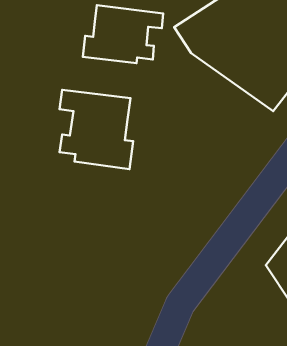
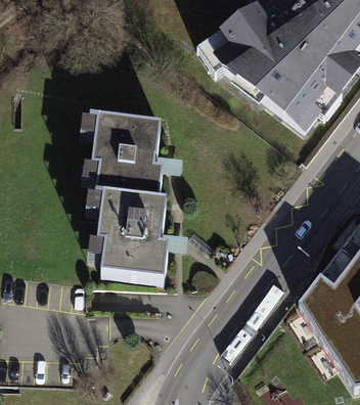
building: [83,5,163,63] -> none
building: none -> [81,187,164,275]

